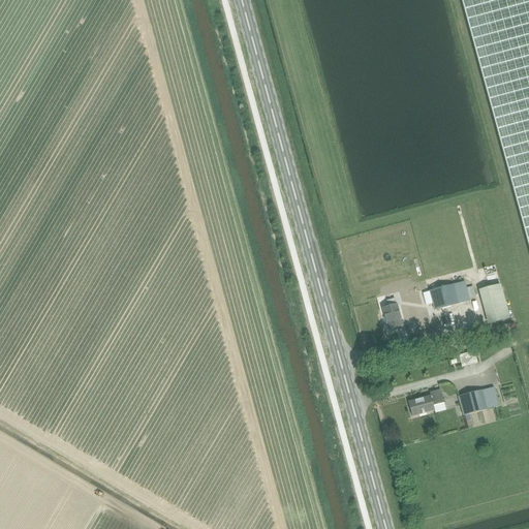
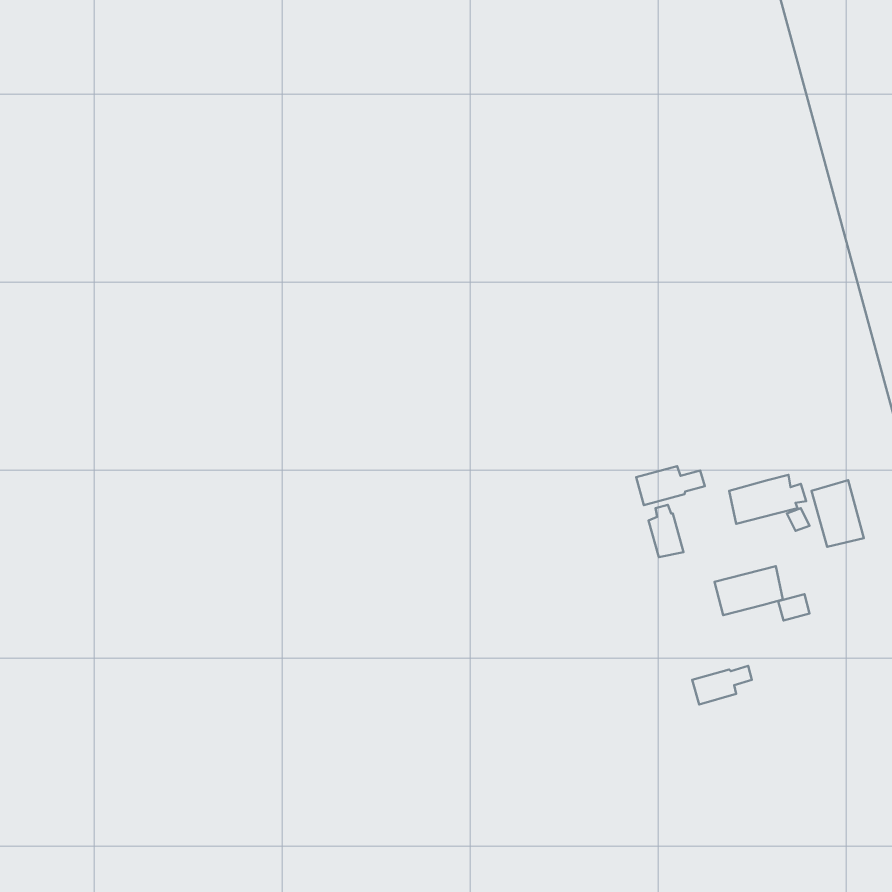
building: none -> [636,466,705,505]
building: [460,385,500,414] -> [714,566,783,615]

